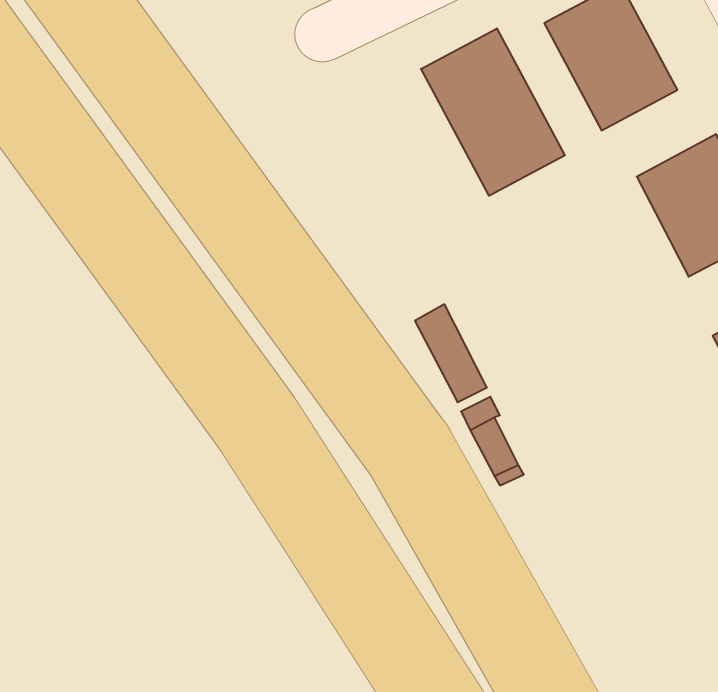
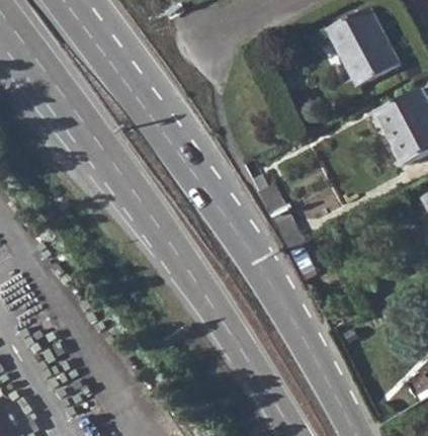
building: [421,28,565,196] -> none

